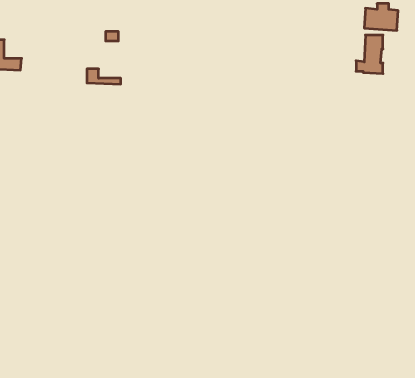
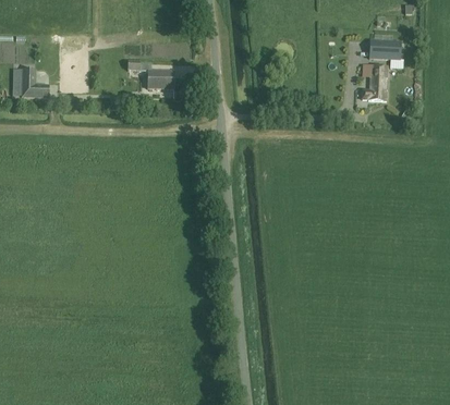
building: none -> [146,70,173,88]

